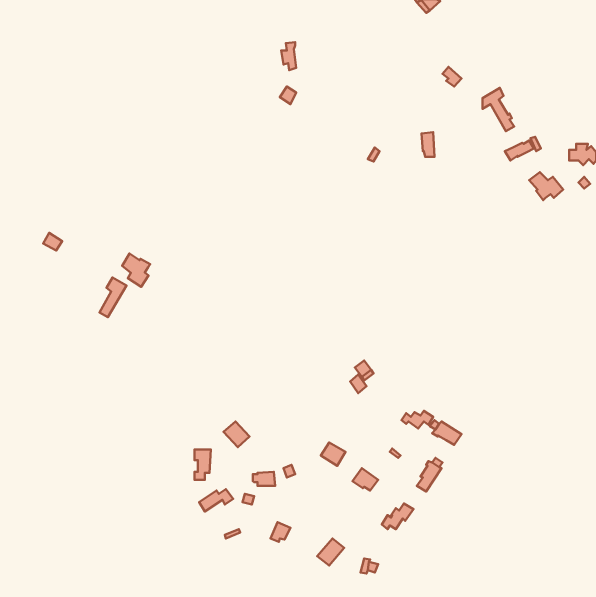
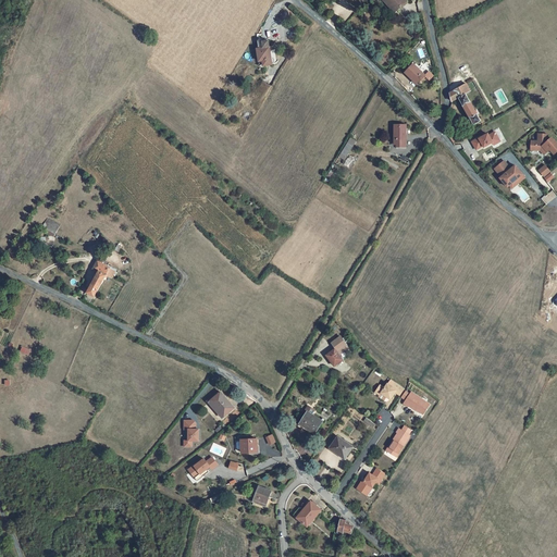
building: [122,254,150,287] -> none

